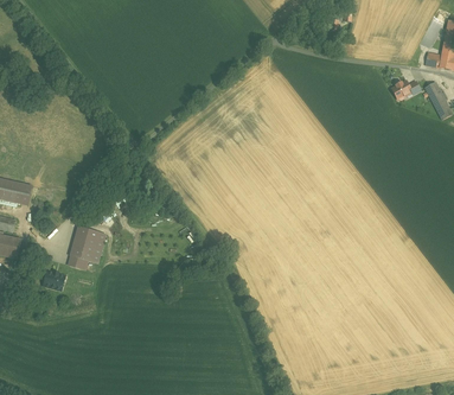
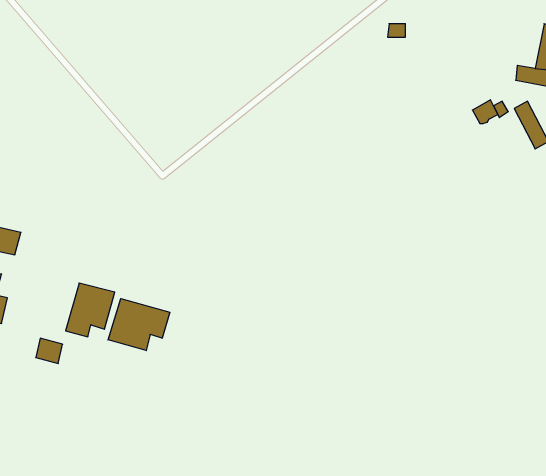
building: none -> [108,299,170,351]

